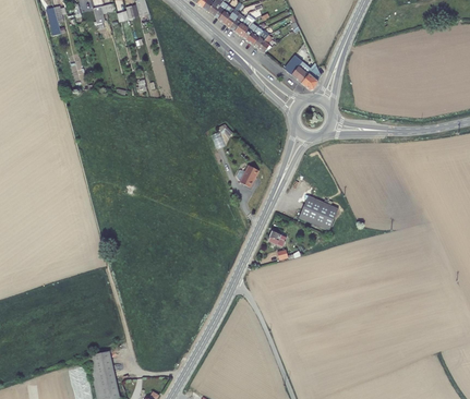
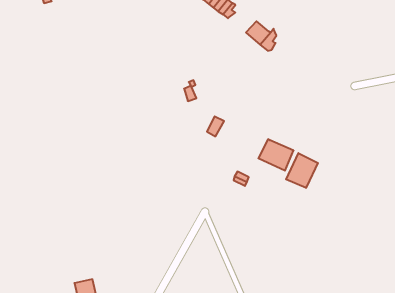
building: none -> [286,153,318,188]

